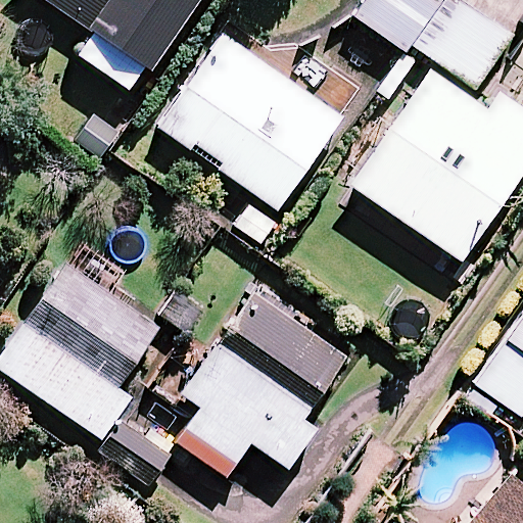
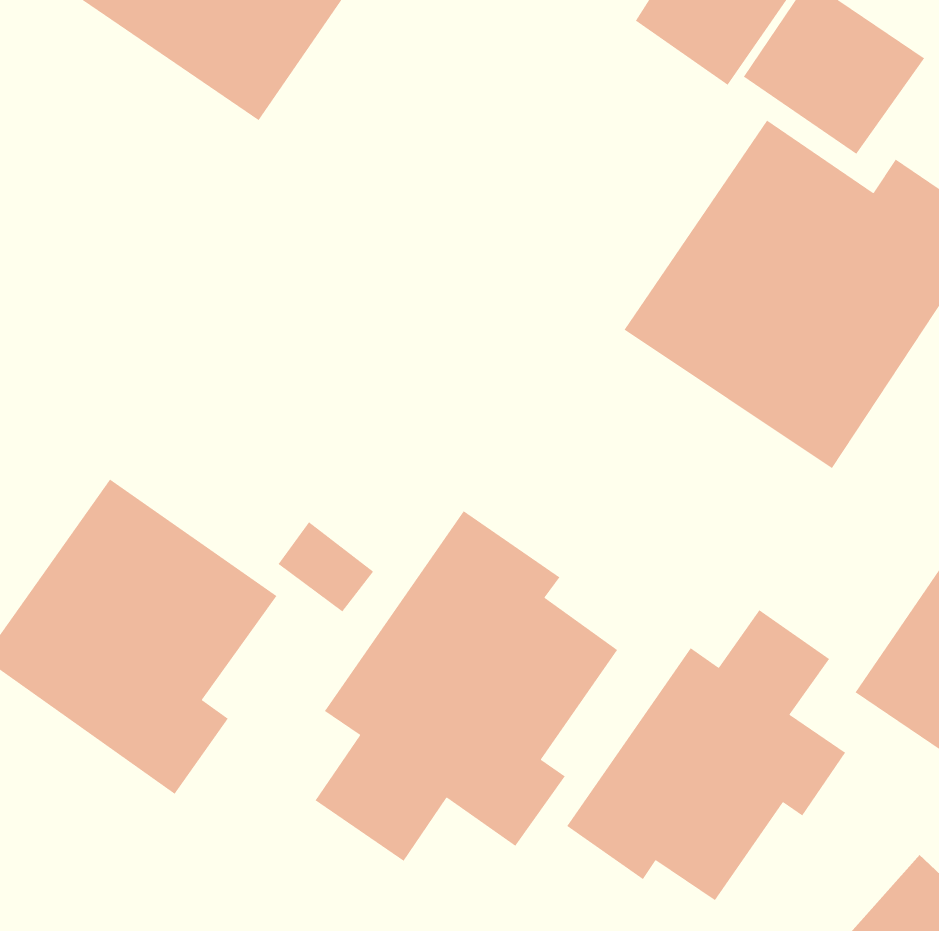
building: [158,34,343,209] -> none
building: none -> [566,609,846,901]

